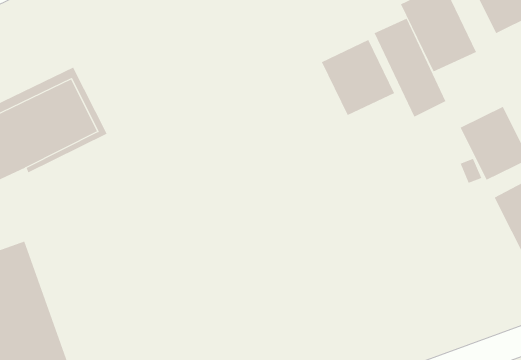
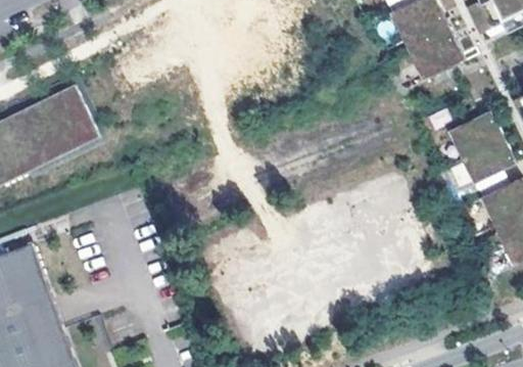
building: [374,18,446,117] -> none
building: [321,39,395,116] -> none

